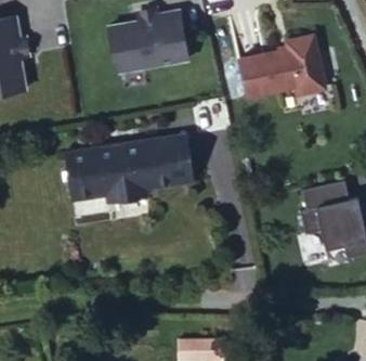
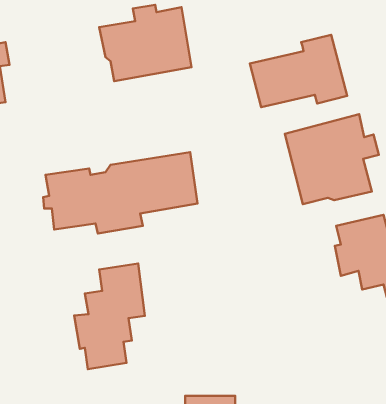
building: none -> [285,114,379,204]
building: none -> [74,264,145,369]

